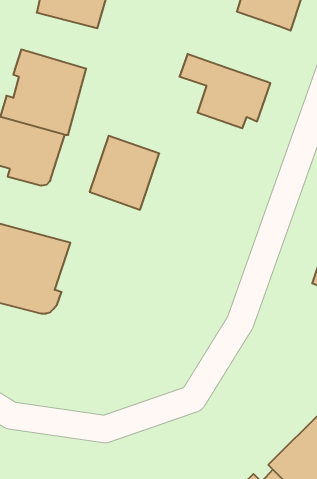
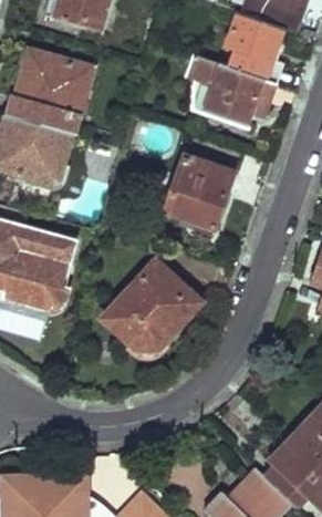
building: none -> [225,11,282,83]
building: [90,136,159,210] -> [164,155,232,228]
building: none -> [102,260,200,348]

